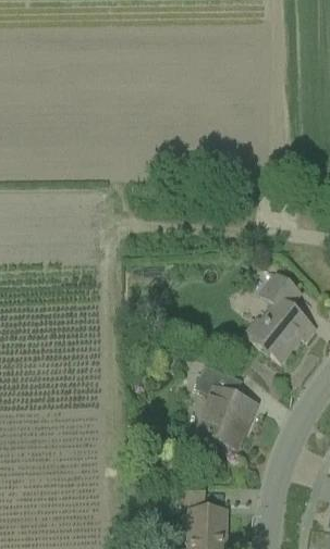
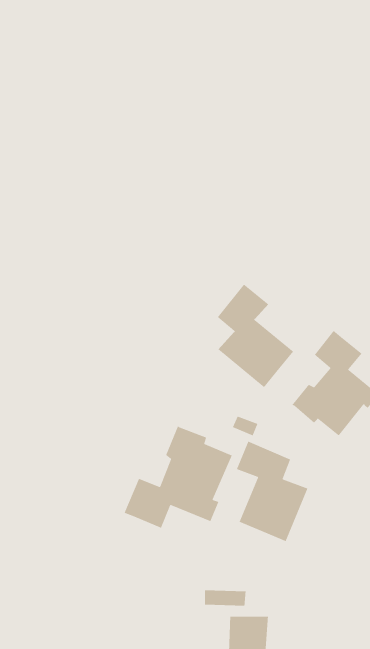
building: none -> [217,283,294,388]
building: none -> [123,425,233,529]

